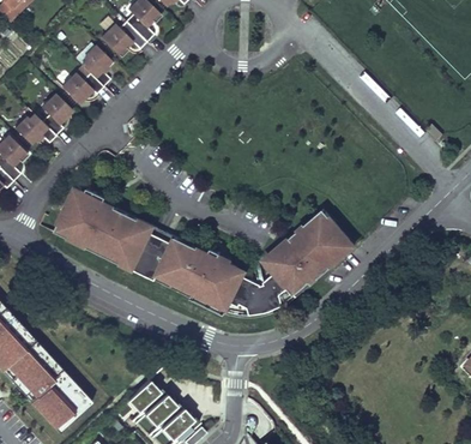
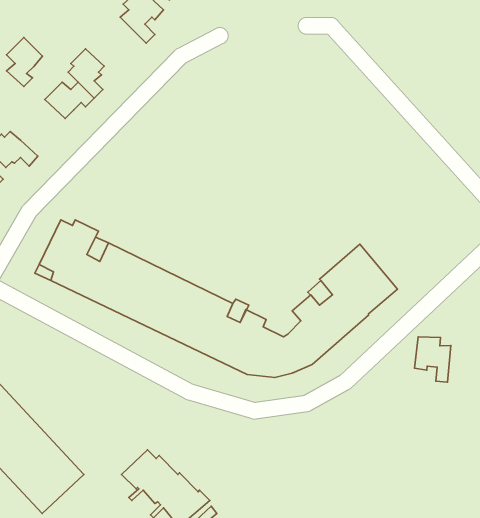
building: [101,20,146,56] -> none
building: [42,95,72,136] -> [6,37,42,87]
building: none -> [414,337,451,382]

